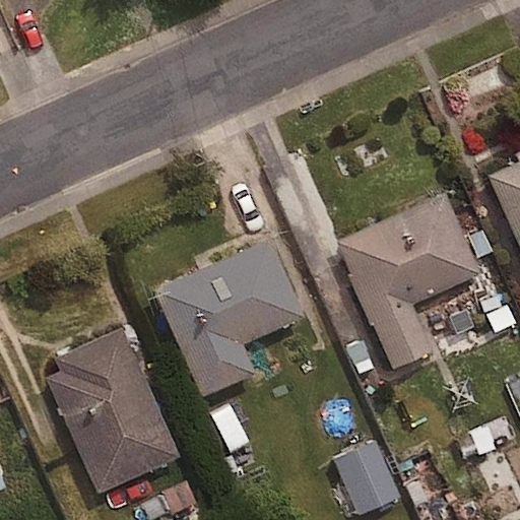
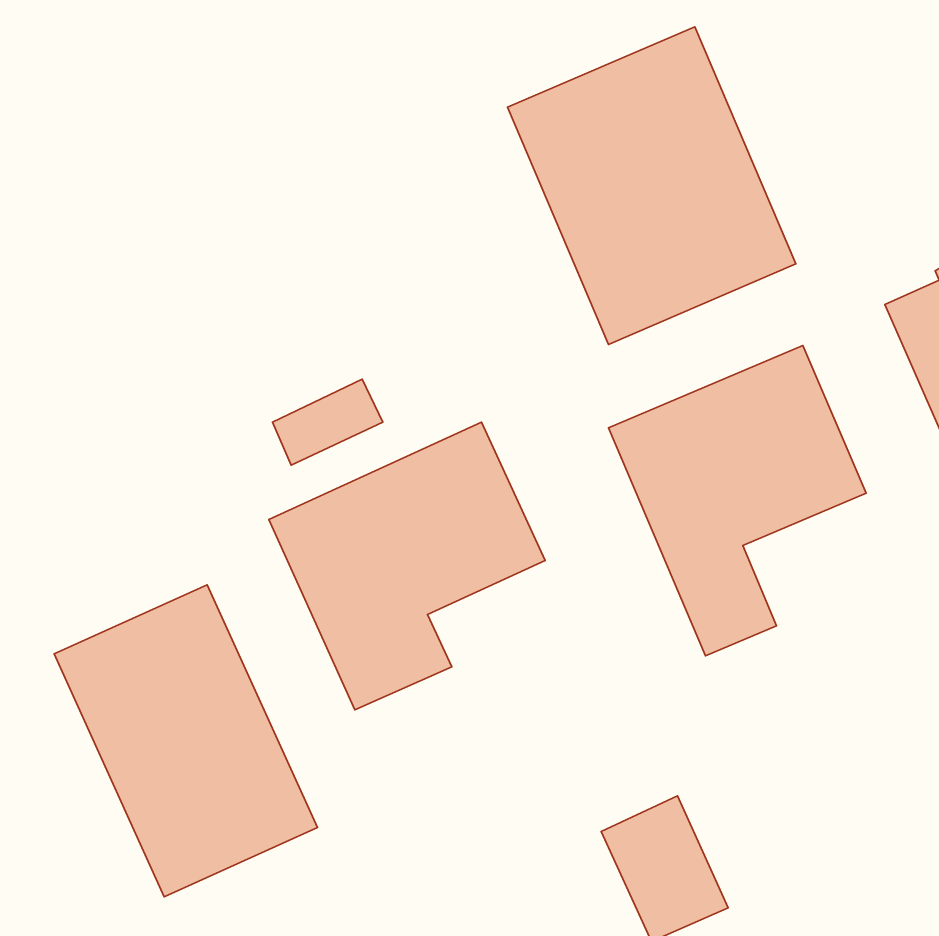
building: none -> [507,27,796,344]

